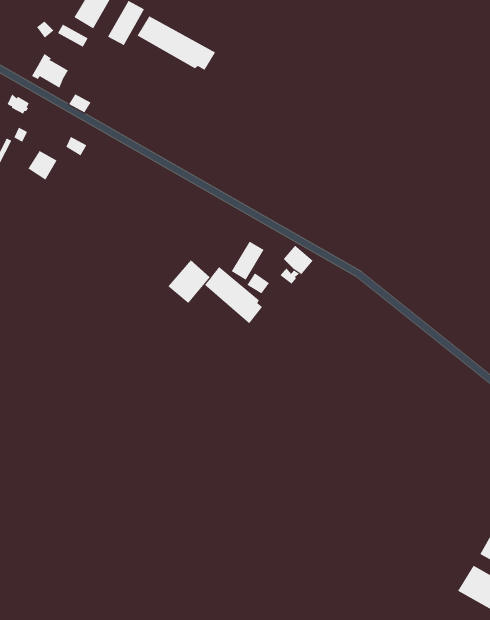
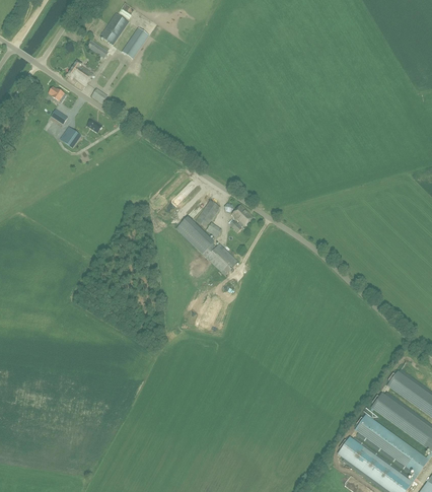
building: [137,16,216,71] -> none
building: [167,259,210,304] -> none
building: none -> [206,243,238,275]

